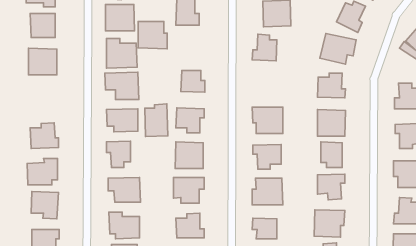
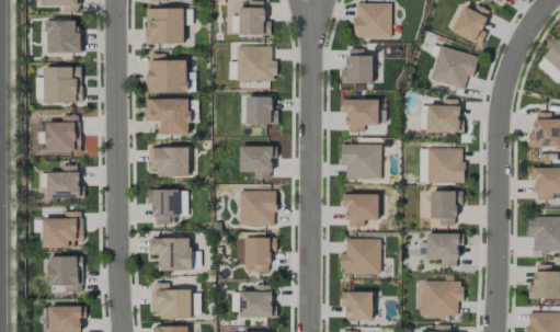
building: [138,21,167,49] -> [237,46,275,82]
building: none -> [341,100,378,133]
building: none -> [45,116,80,152]
building: [145,104,168,136] -> none

